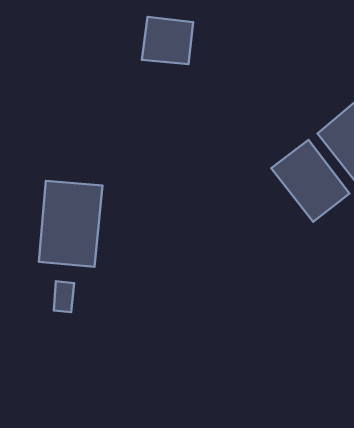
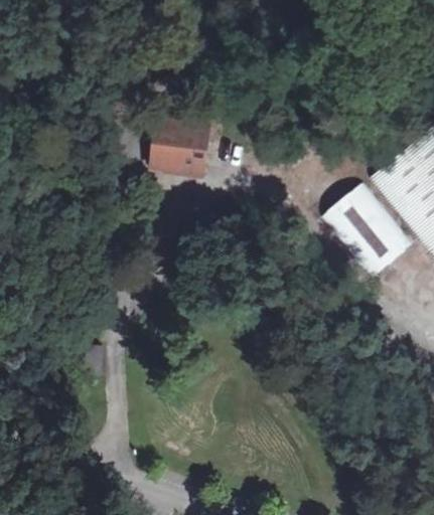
building: [142,17,193,64] -> [157,121,213,173]
building: [39,181,102,267] -> none

